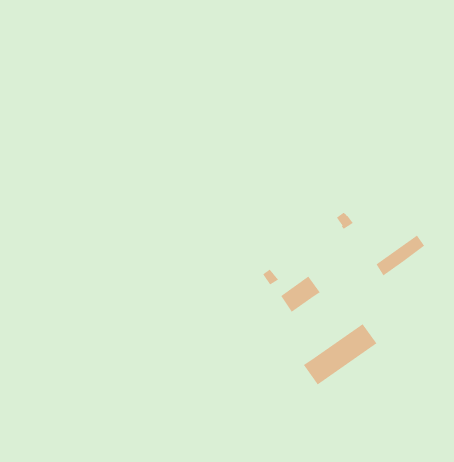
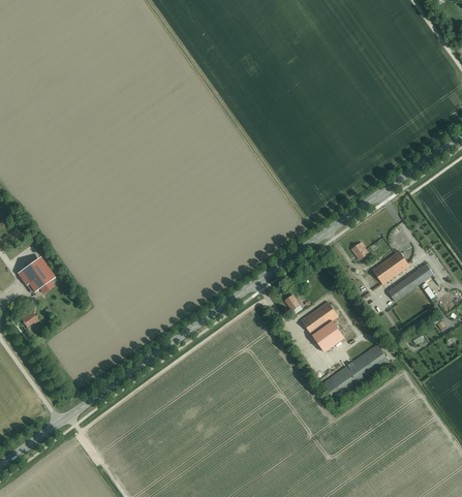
building: none -> [373,250,409,284]
building: none -> [312,320,344,351]

